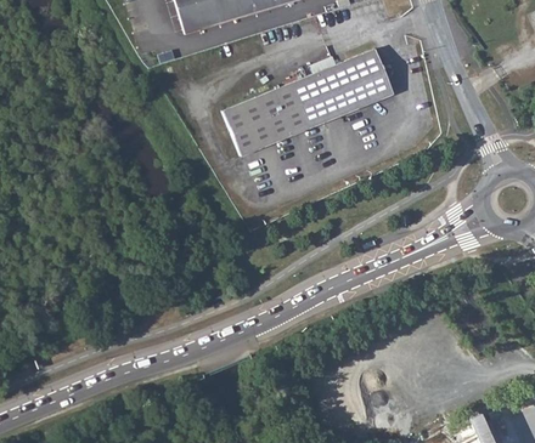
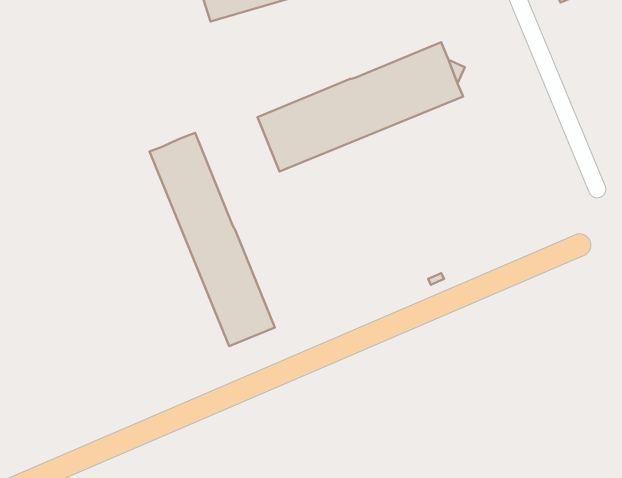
building: none -> [150,133,275,346]

